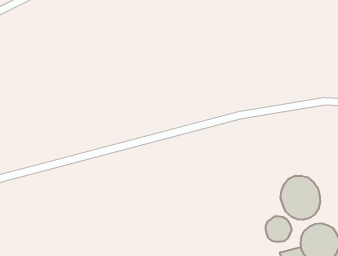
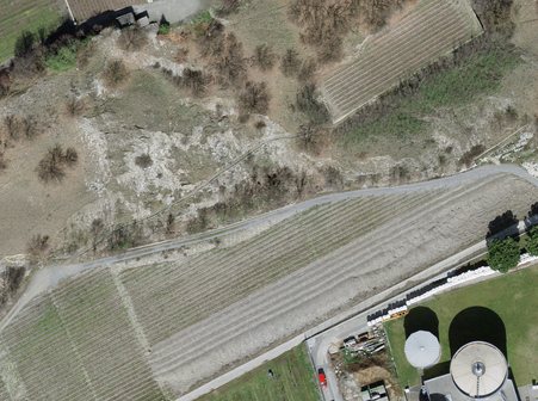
building: [281,176,320,220] -> none

